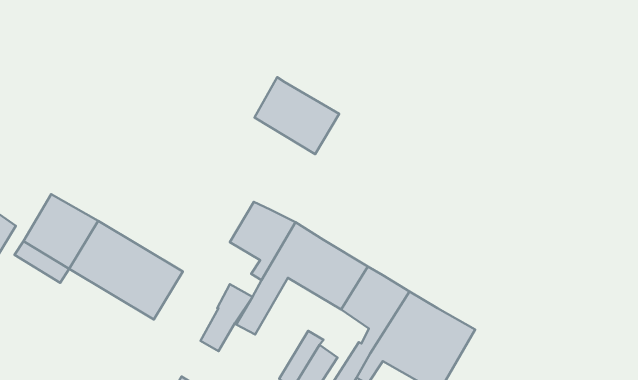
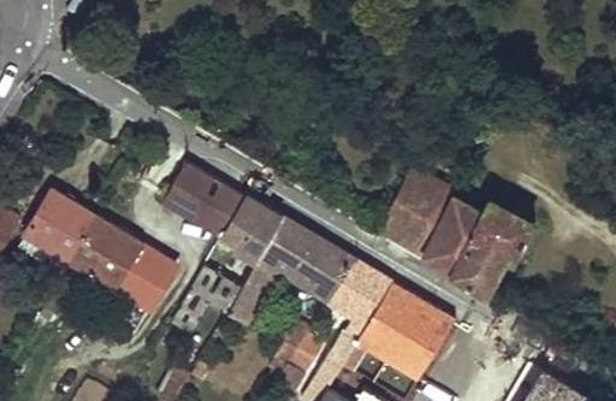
building: [255,77,339,154] -> [164,163,244,236]
building: none -> [381,172,532,293]

